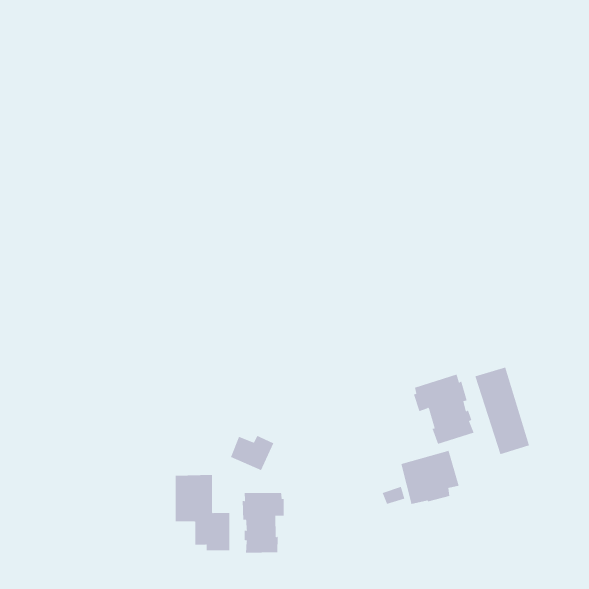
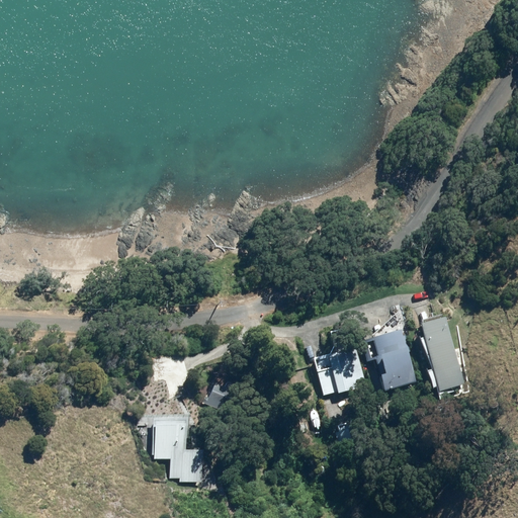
building: [400,450,459,504] -> [315,346,366,394]
building: [242,492,284,553] -> none

